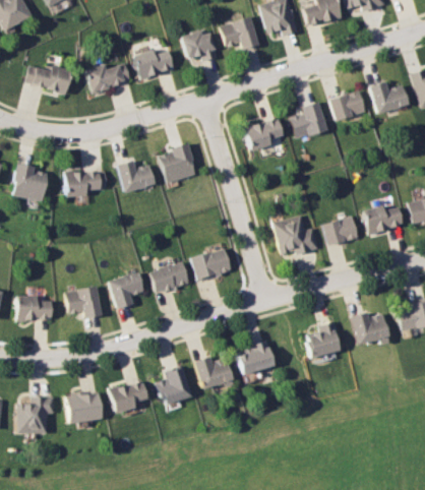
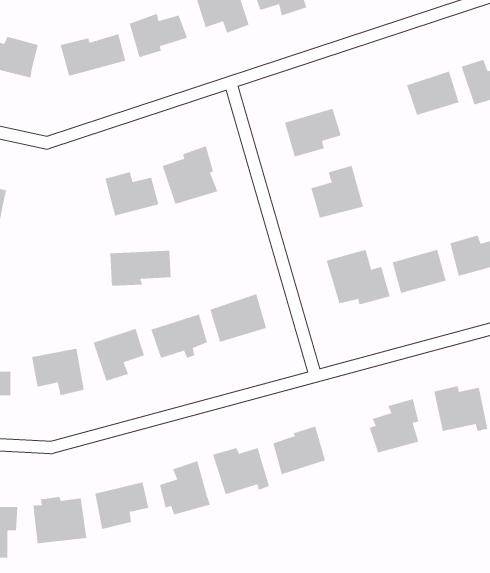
building: [290,102,327,139] -> [311,165,364,218]
building: [64,171,108,196] -> [110,250,171,286]

